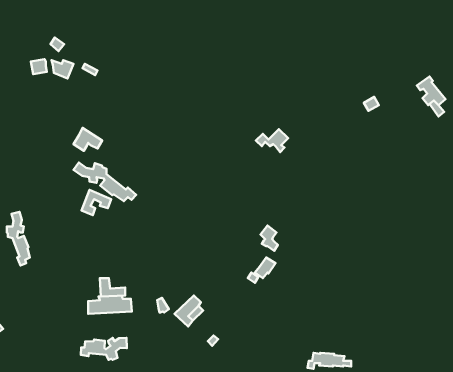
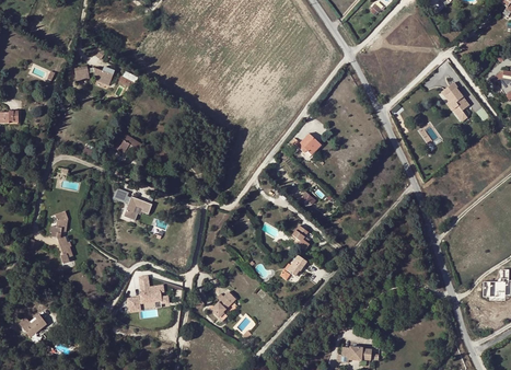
building: [73,162,136,201] -> none
building: [81,338,127,360] -> none

